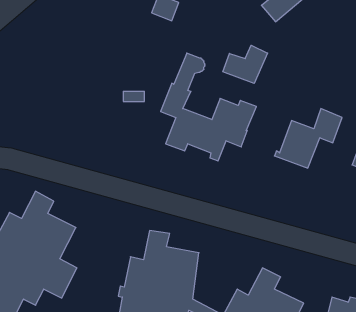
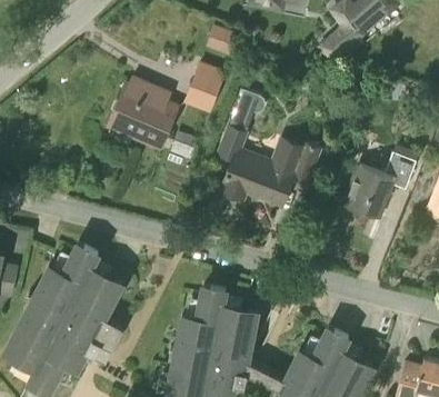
building: none -> [184,60,227,112]
building: none -> [109,77,179,147]
building: [223,45,268,83] -> none

